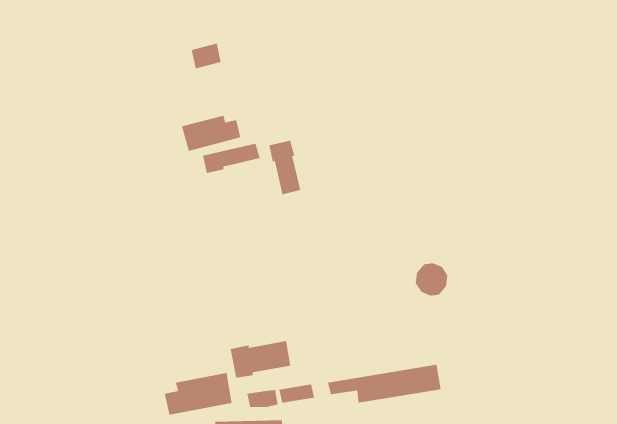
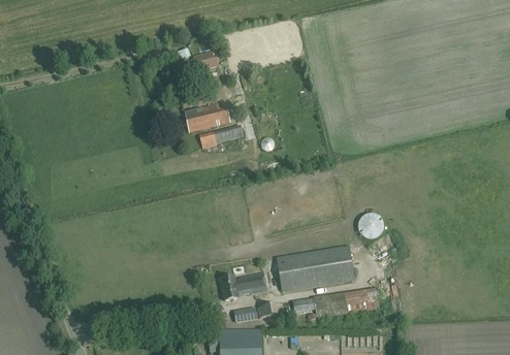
building: [269,140,301,195] -> none
building: none -> [277,247,354,291]
building: [164,372,232,416] -> none

